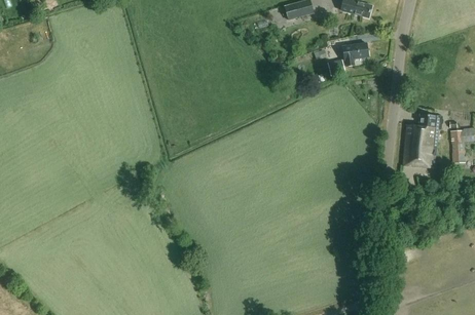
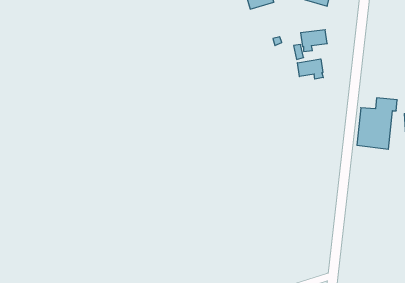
building: none -> [297,59,323,79]

